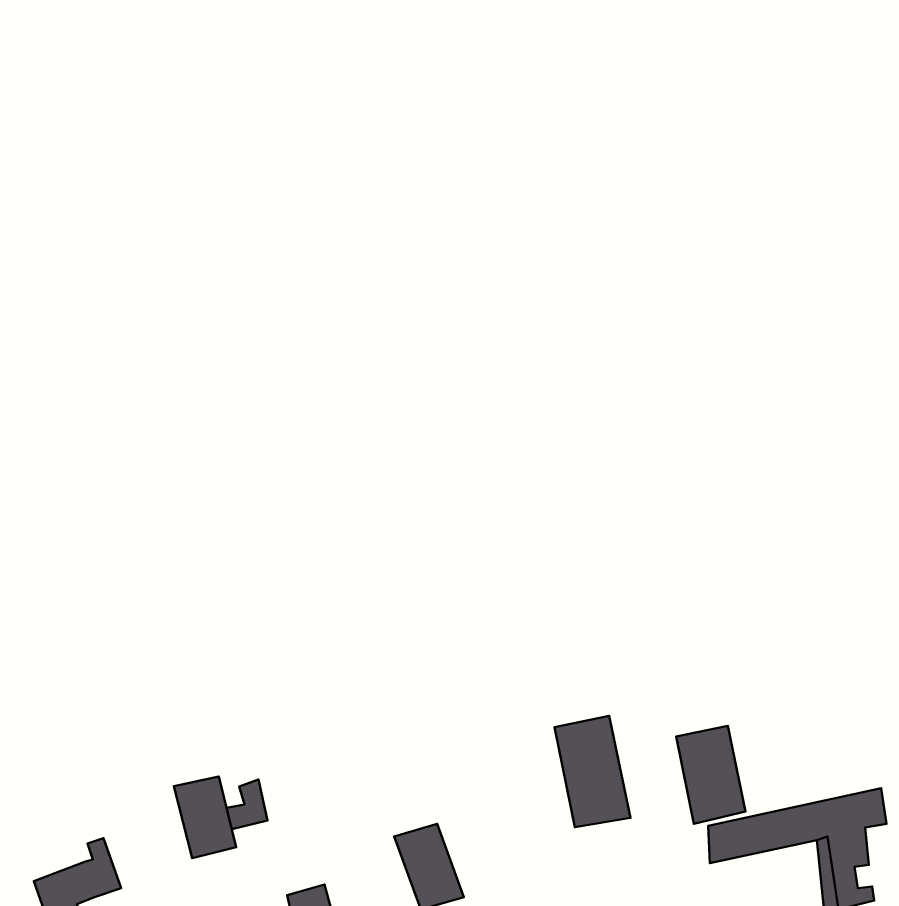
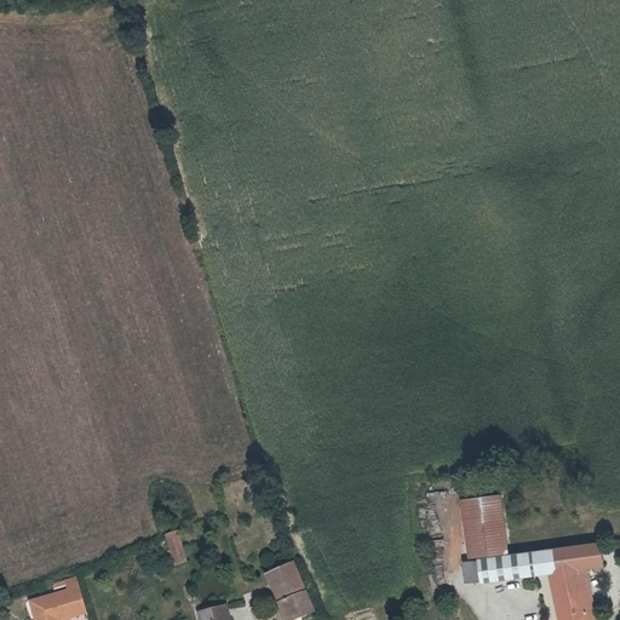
building: [554,716,630,827] -> none
building: [174,776,236,858] -> none

